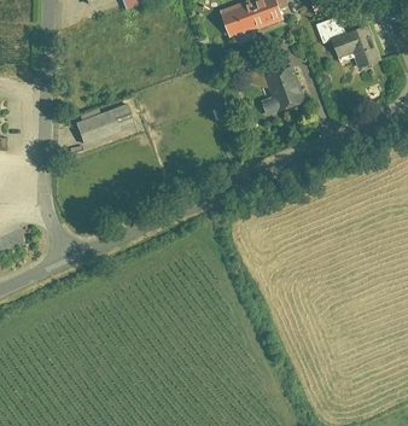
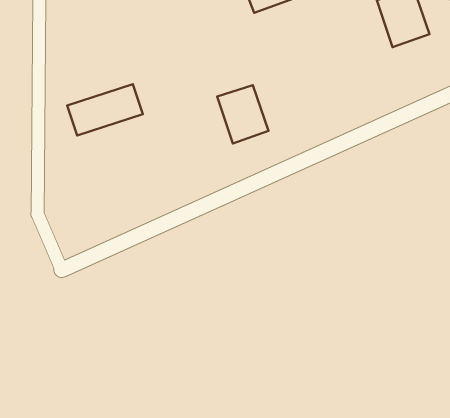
building: [264,66,308,116] -> [217,85,268,144]

